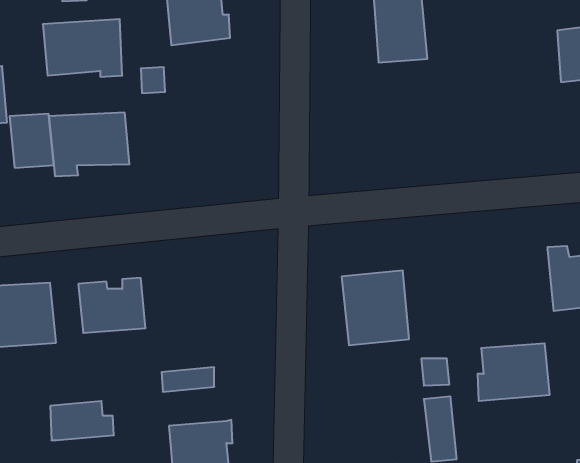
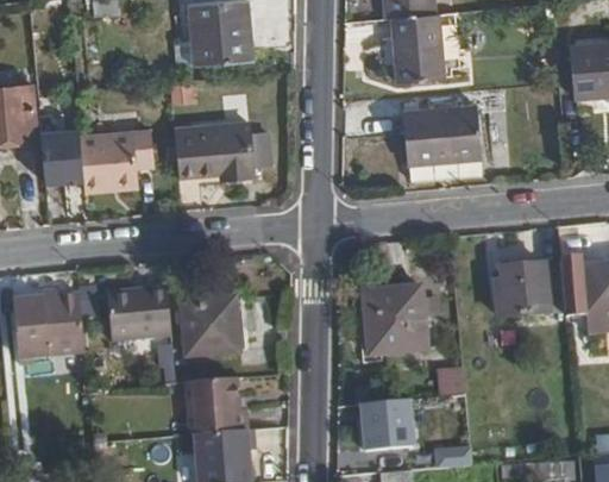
building: [43,19,122,77] -> [174,120,251,176]
building: none -> [406,102,483,161]
building: none -> [182,296,240,356]
building: [477,343,550,401] -> [496,262,566,318]
building: none -> [352,402,413,459]
building: [50,401,114,440] -> [188,395,250,433]

